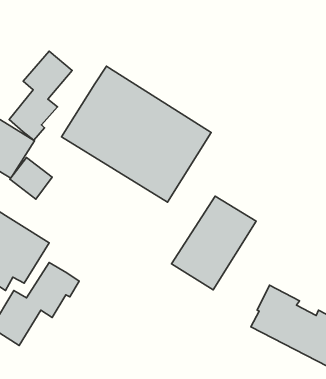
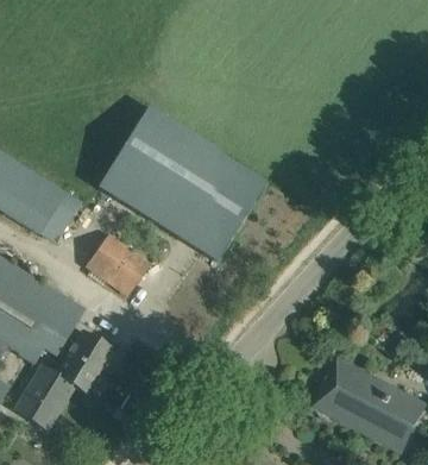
building: [9,51,72,140] -> none
building: none -> [87,234,150,294]
building: [172,196,256,290] -> none

